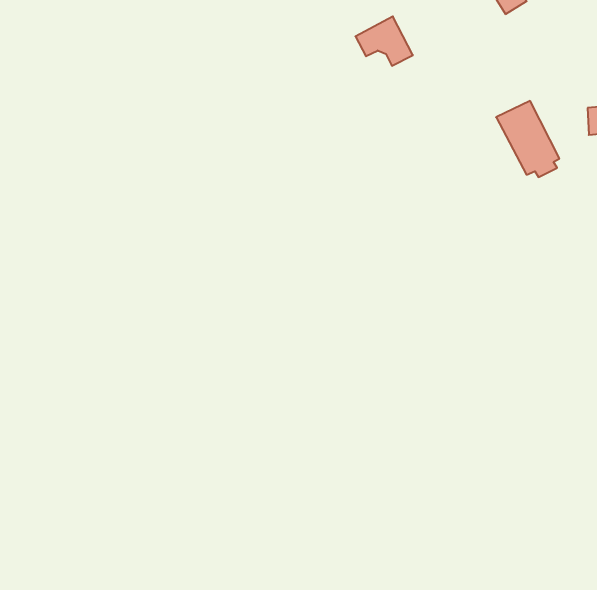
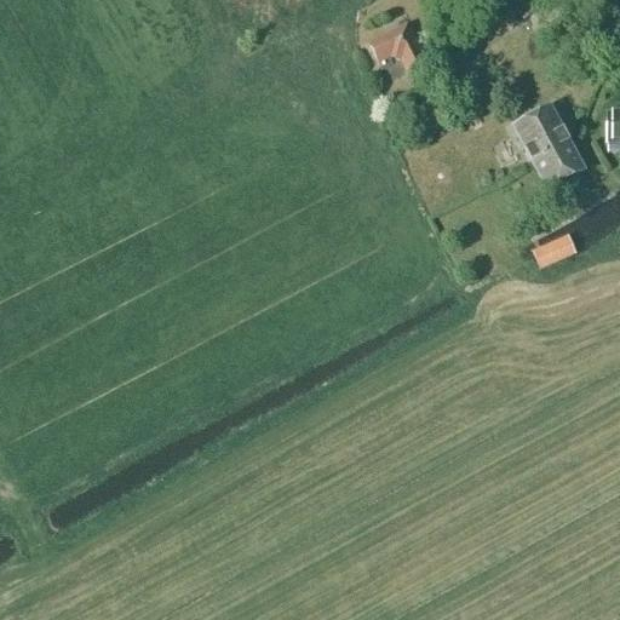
building: none -> [533,230,578,265]

